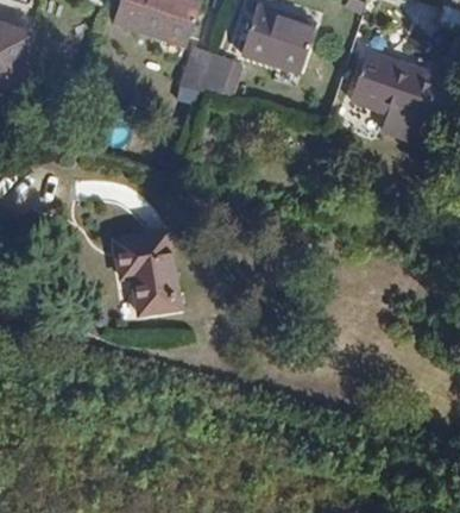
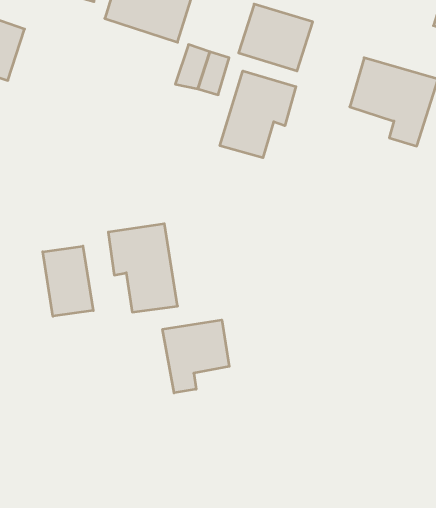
building: none -> [220,71,296,158]
building: none -> [43,246,93,316]
building: none -> [163,320,229,393]

